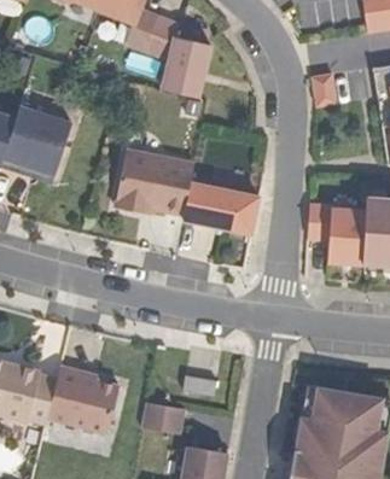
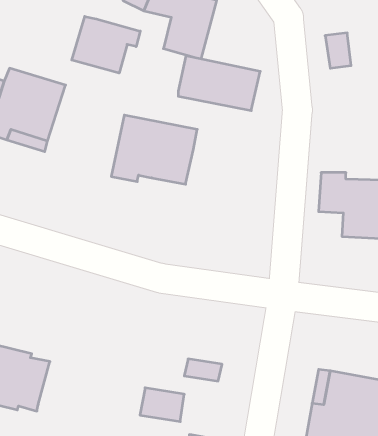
building: none -> [72,16,140,73]
building: [184,181,260,232] -> [178,56,260,111]
building: [47,366,120,432] -> none

